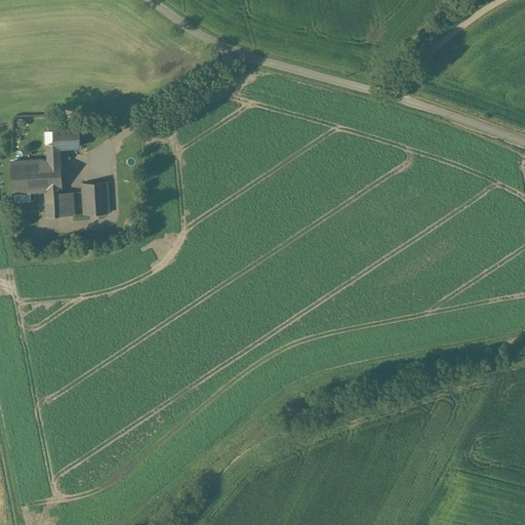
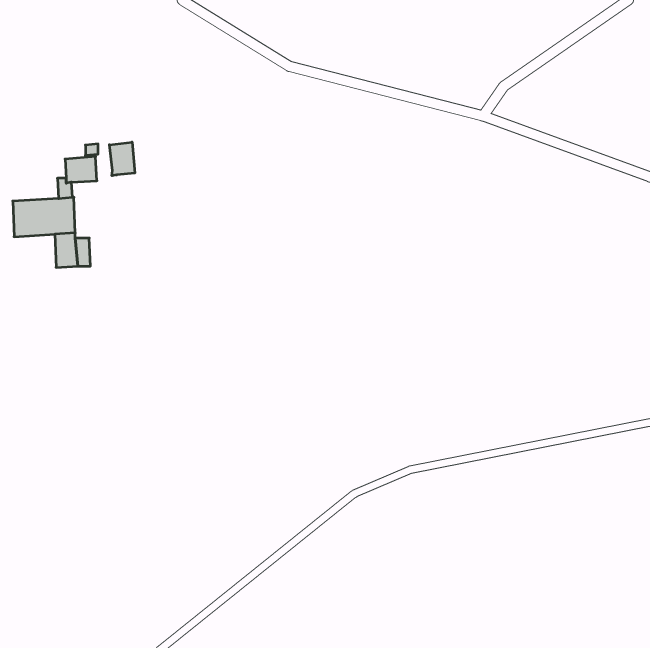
building: none -> [109,142,135,176]
building: [81,184,108,215] -> none

